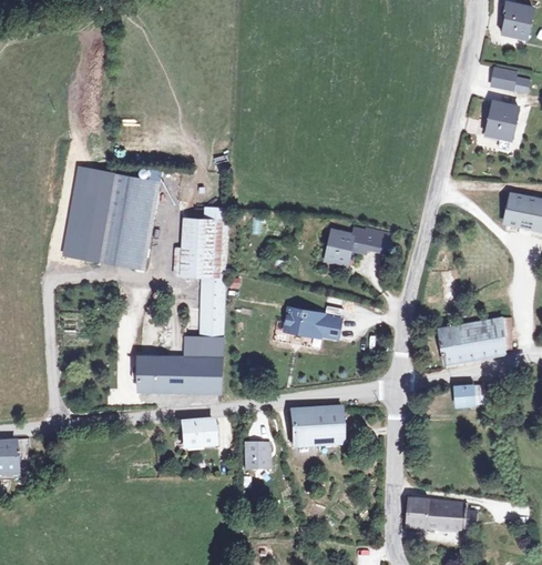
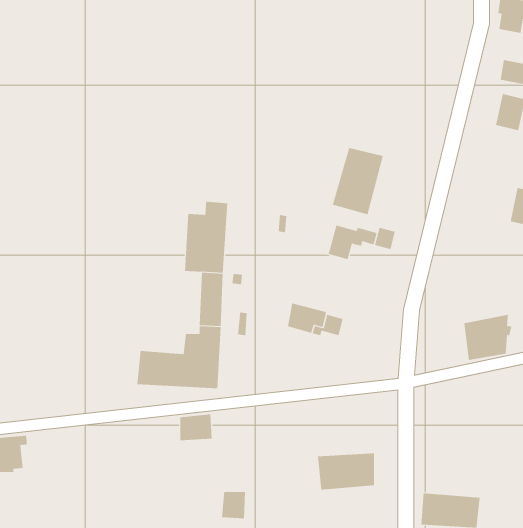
building: none -> [332,147,384,215]
building: [62,167,158,271] -> none
building: [439,327,462,367] -> none
building: [458,382,484,404] -> none
building: [285,405,341,442] -> [317,453,375,490]
building: [239,442,264,468] -> [221,492,246,519]

